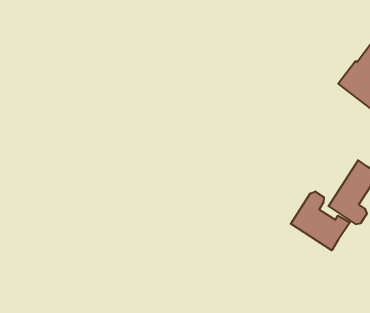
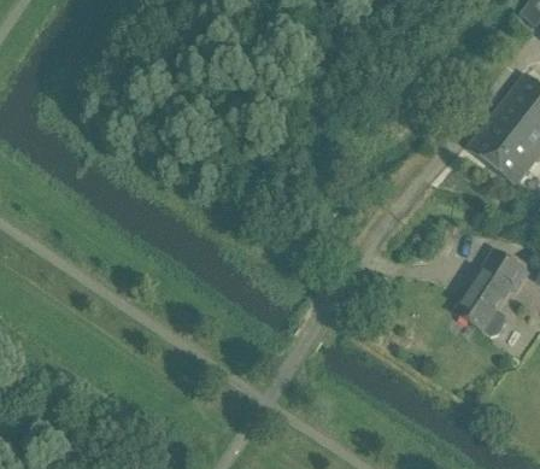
building: [291,191,350,250] -> none

